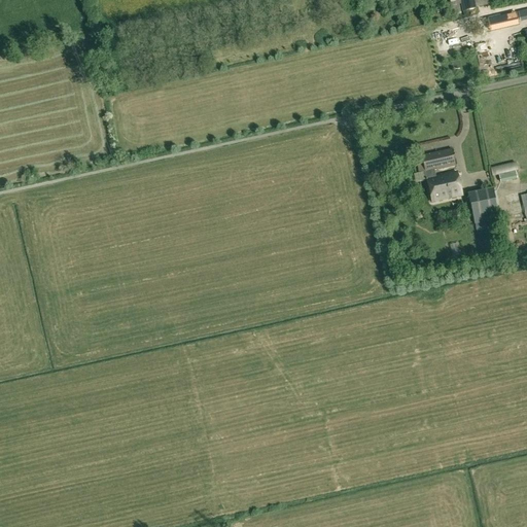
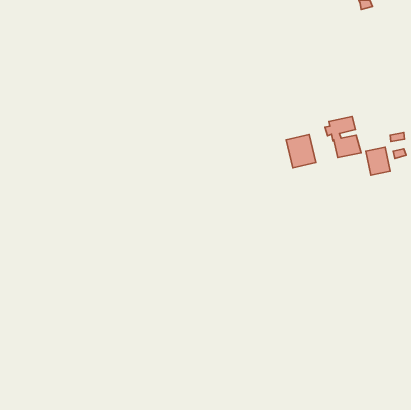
building: none -> [286,134,316,168]

